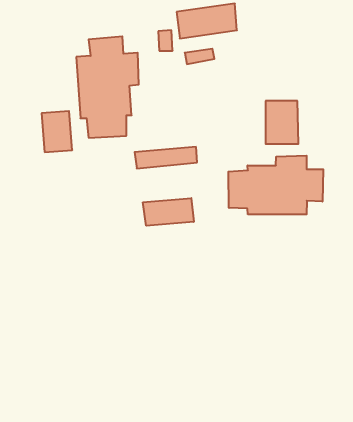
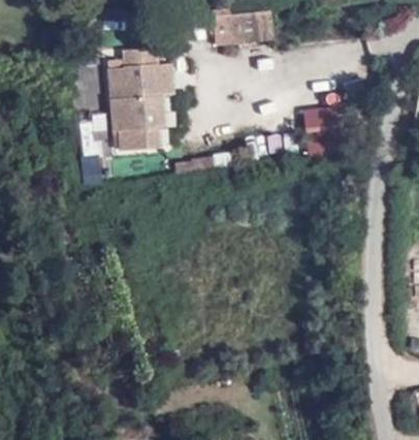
building: [228,156,323,214] -> none
building: [143,198,194,226] -> none

